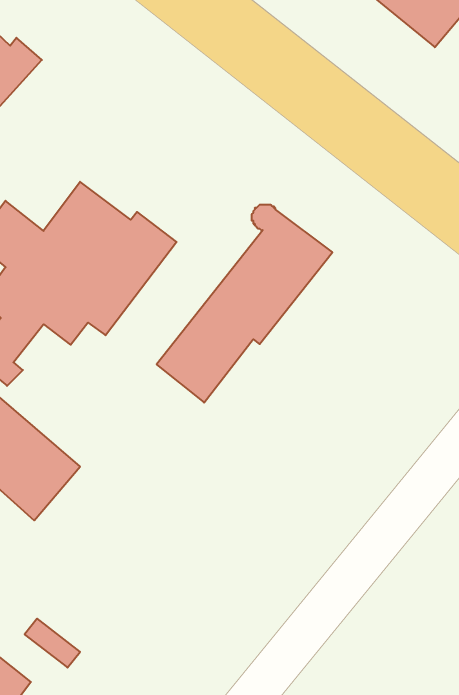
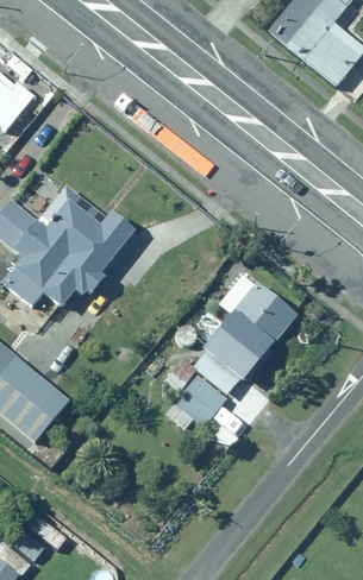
building: [157,205,332,403] -> [164,278,296,427]

